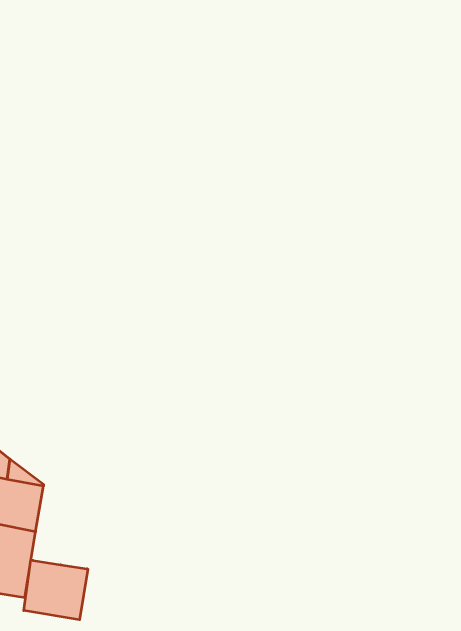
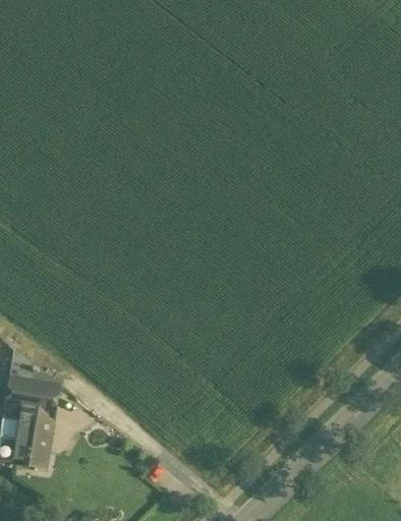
building: [24,560,88,620] -> none

